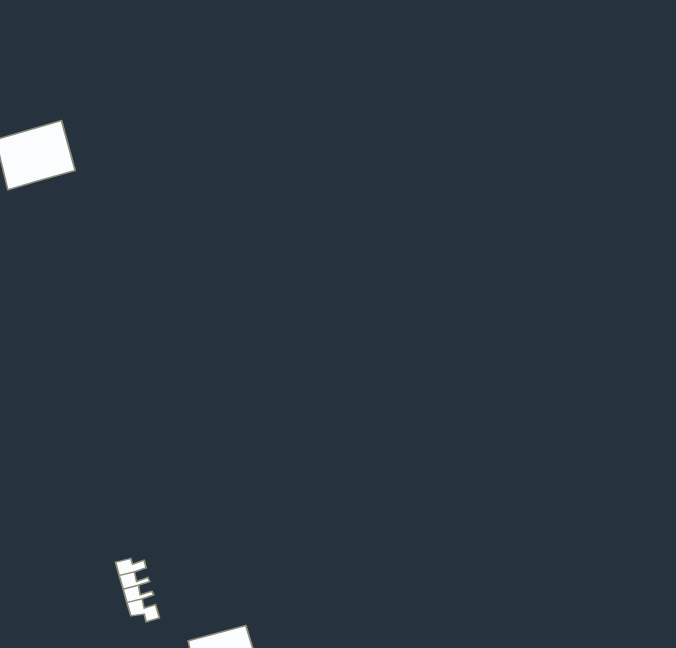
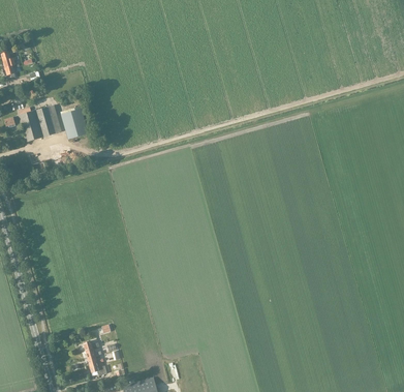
building: none -> [62,110,89,140]

